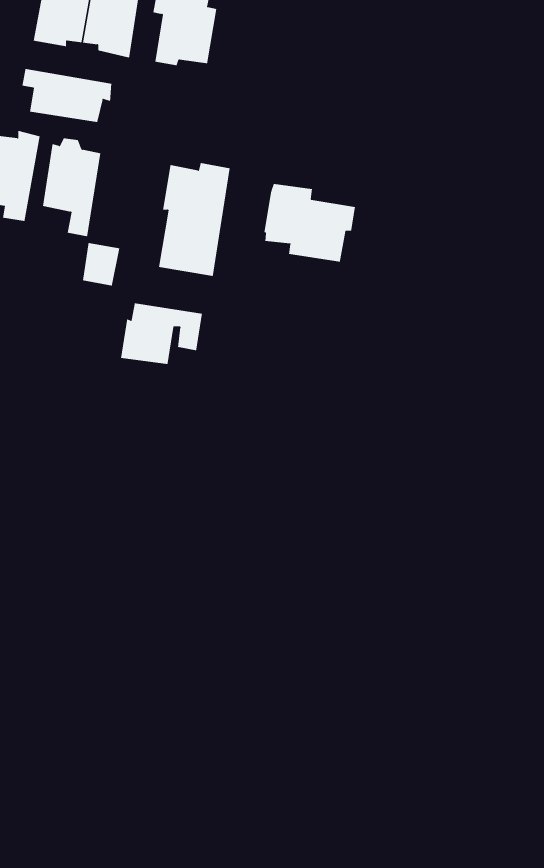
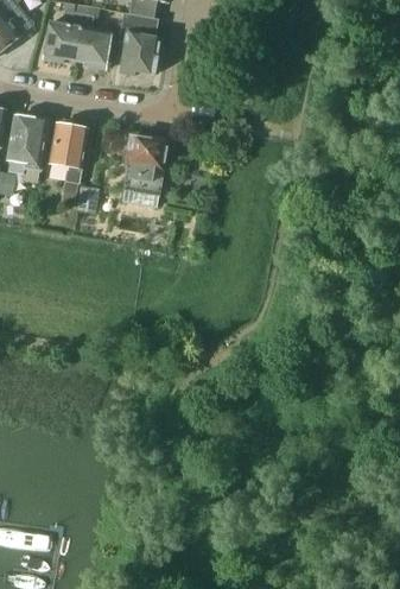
building: [22,68,112,123] -> none
building: [264,183,355,262] -> none
building: [120,303,202,365] -> none

